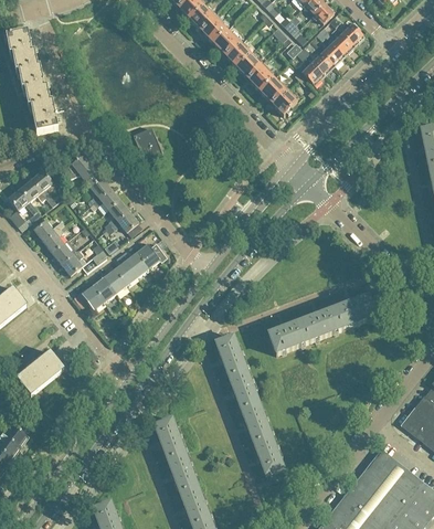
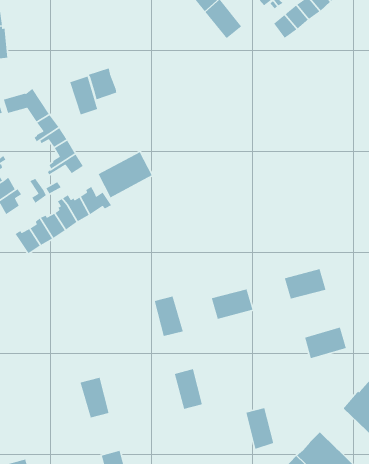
building: [260,77,297,115] -> none
building: none -> [69,75,98,115]
building: none -> [98,151,153,198]
building: [301,308,342,341] -> [304,327,347,359]
building: [227,368,258,408] -> none
building: [253,434,283,475] -> [245,407,274,450]
building: [167,451,198,490] -> none

